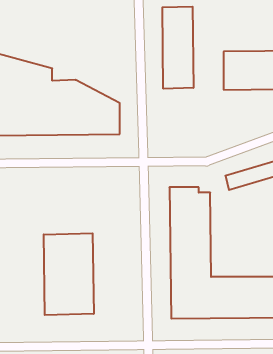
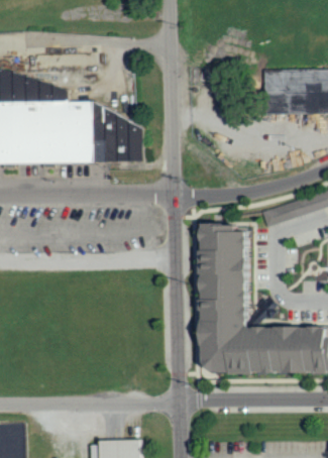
building: [162,7,193,89] -> none
building: [44,233,94,315] -> none

